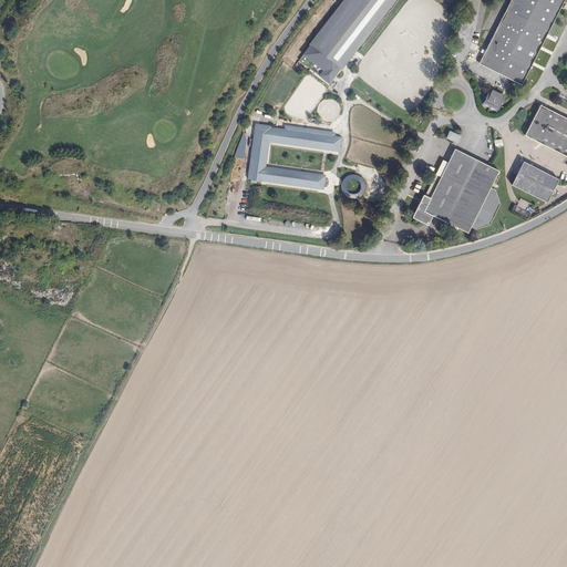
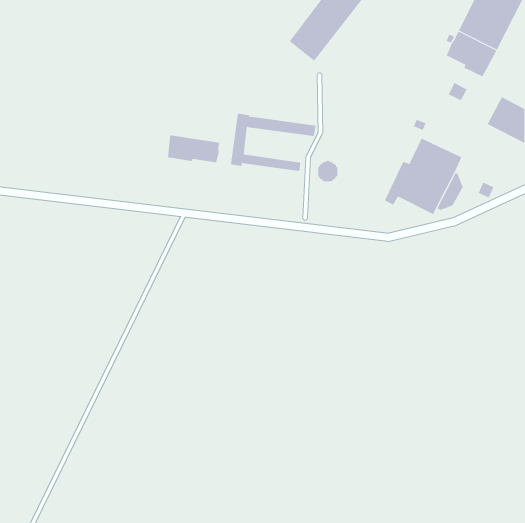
building: [299,43,340,81] -> none
building: none -> [167,135,220,163]
building: [511,161,558,202] -> none

